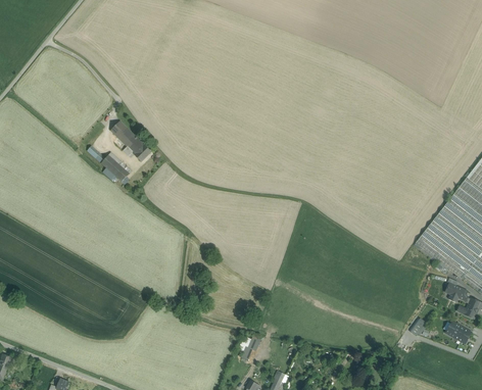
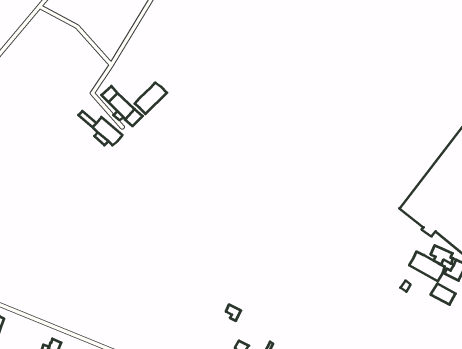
building: none -> [135,83,167,114]
building: none -> [409,252,445,281]

